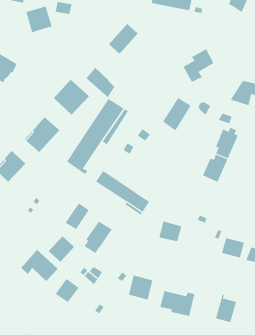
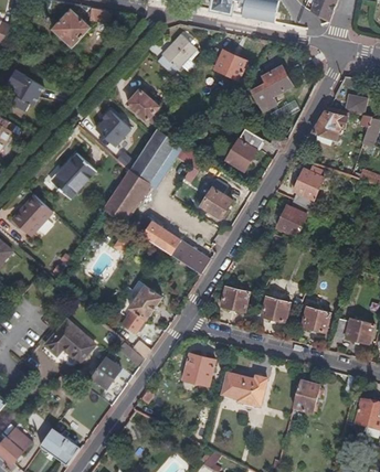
building: none -> [208,47,247,79]
building: none -> [200,180,232,218]
building: [65,203,89,230] -> none
building: none -> [262,296,291,322]
building: [48,235,75,263] -> none

